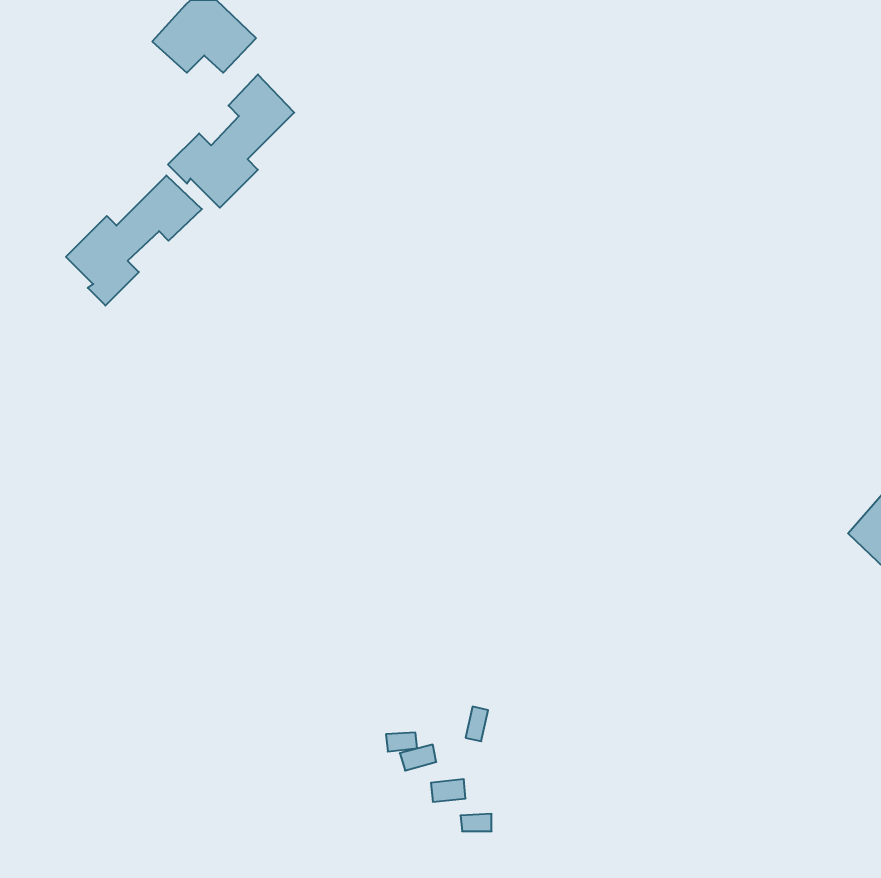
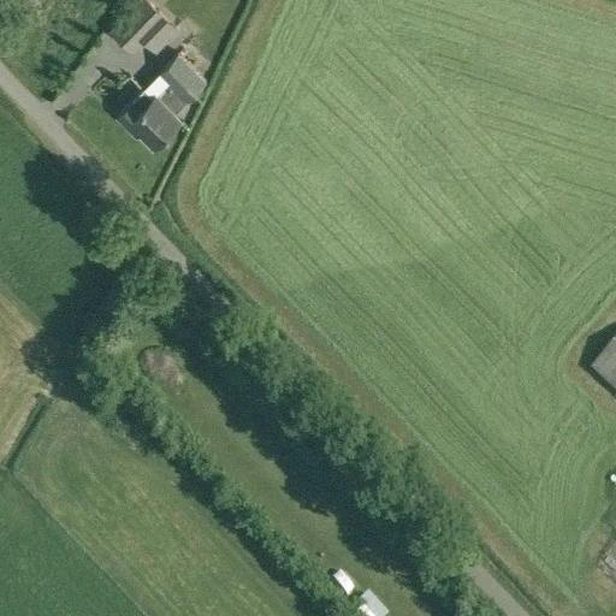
building: [66,175,202,306] -> none

